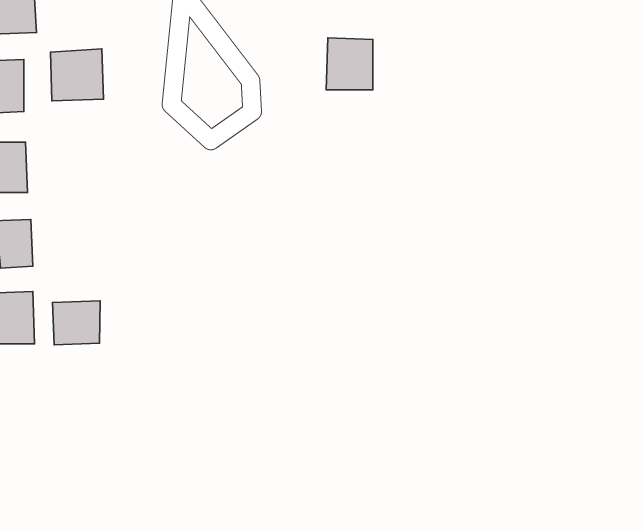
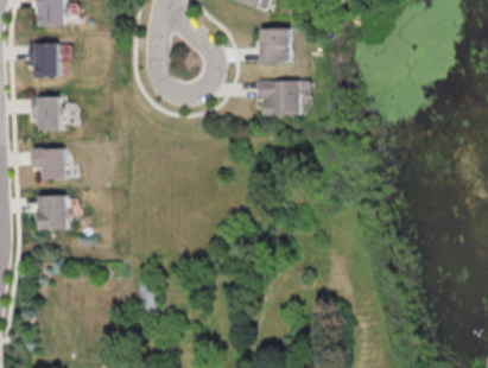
building: [50,49,104,101] -> none
building: none -> [259,80,302,115]
building: [53,301,100,345] -> none

